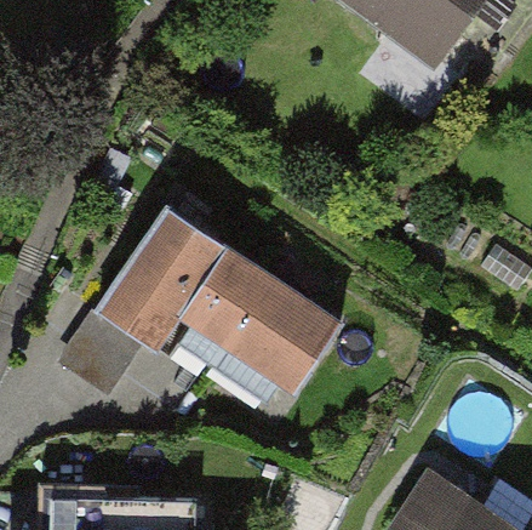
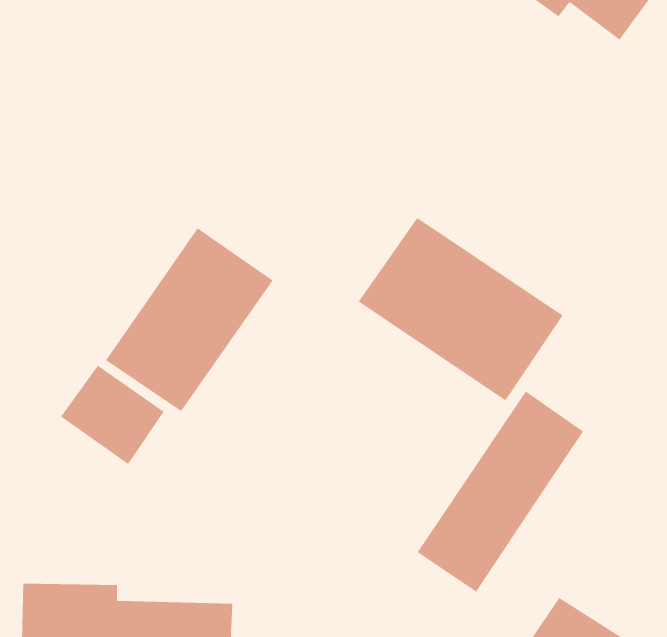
building: [179,249,339,392] -> [358,217,563,401]
building: none -> [417,390,584,592]

